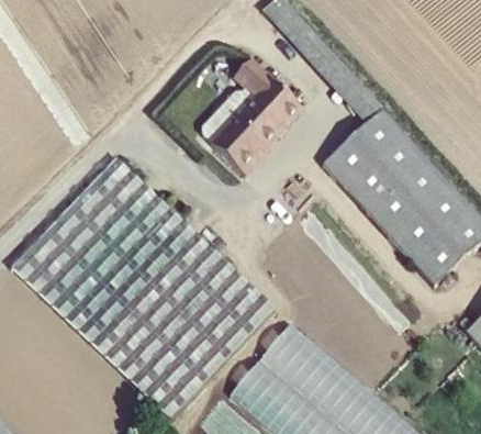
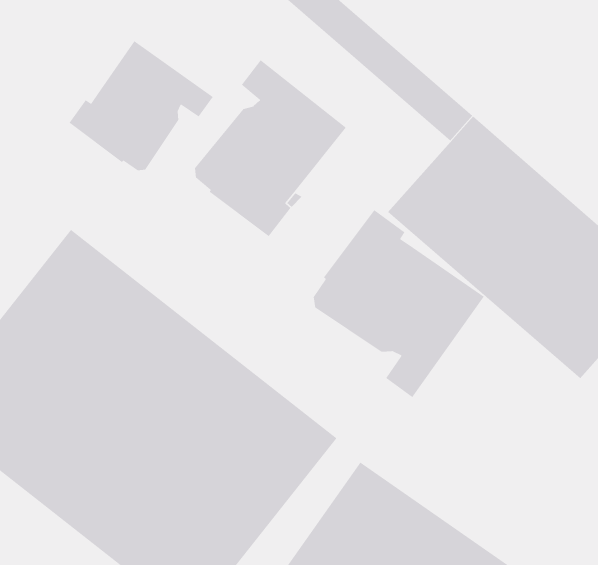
building: none -> [69,40,214,171]
building: none -> [313,209,485,398]

